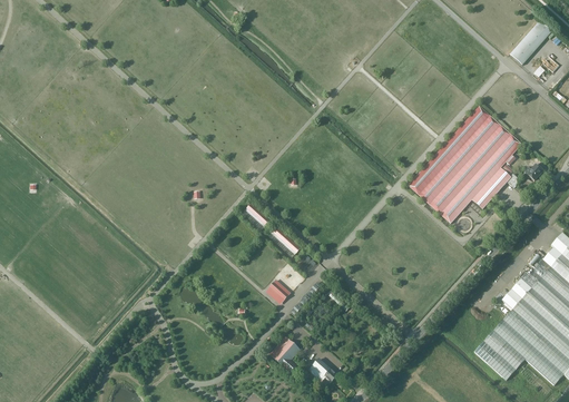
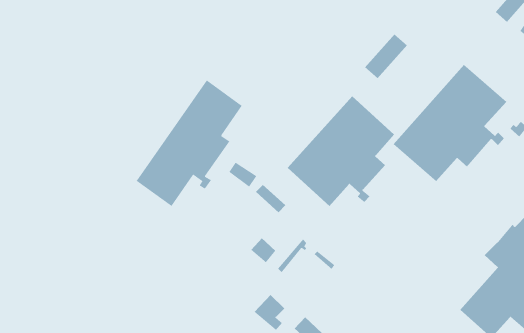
building: none -> [364,34,408,79]
building: none -> [136,80,243,207]
building: none -> [287,95,395,207]

